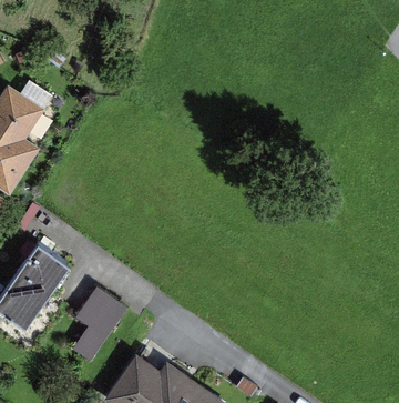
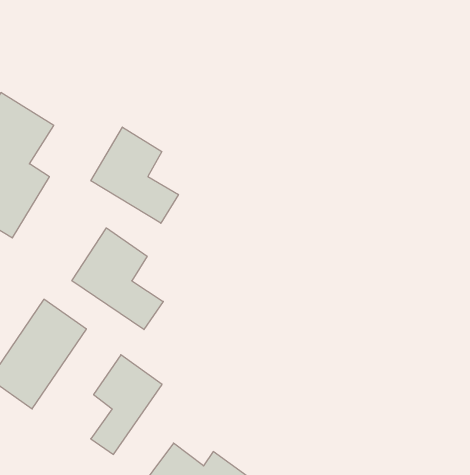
building: none -> [91,127,178,223]
building: none -> [72,228,163,330]

